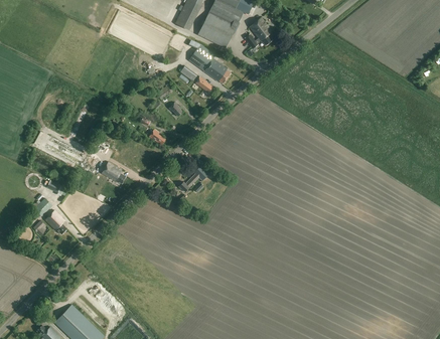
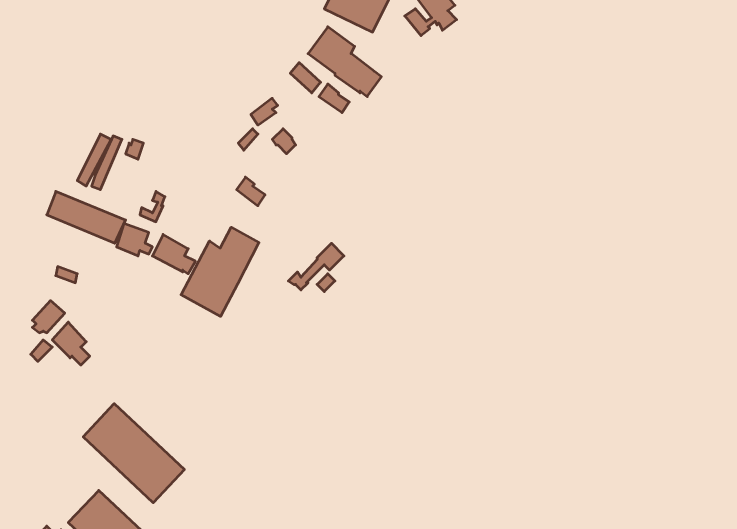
building: none -> [181,227,259,316]
building: none -> [83,404,184,503]

